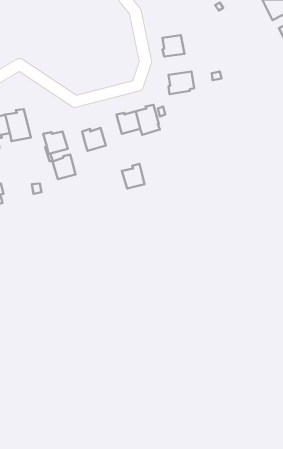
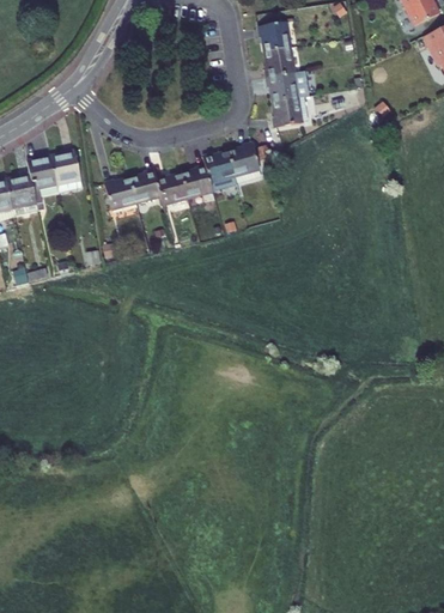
building: none -> [259,22,290,51]
building: none -> [267,73,298,102]
building: [53,154,76,179] -> [129,169,160,202]
building: [122,164,145,189] -> [181,164,212,198]

